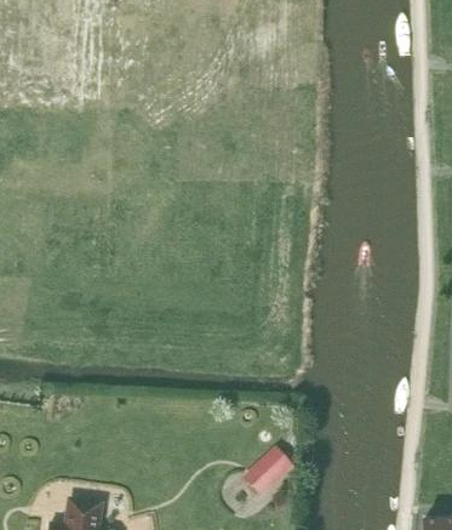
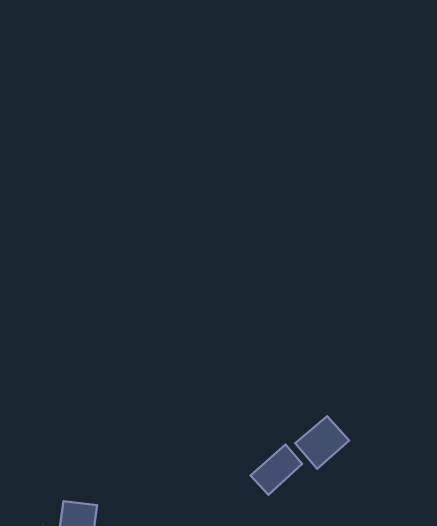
building: none -> [295,416,349,469]

